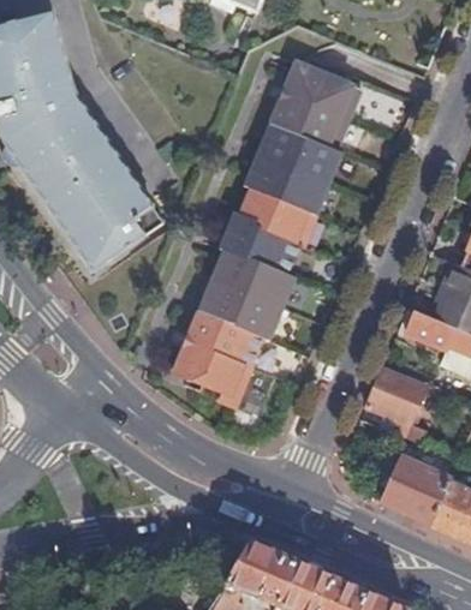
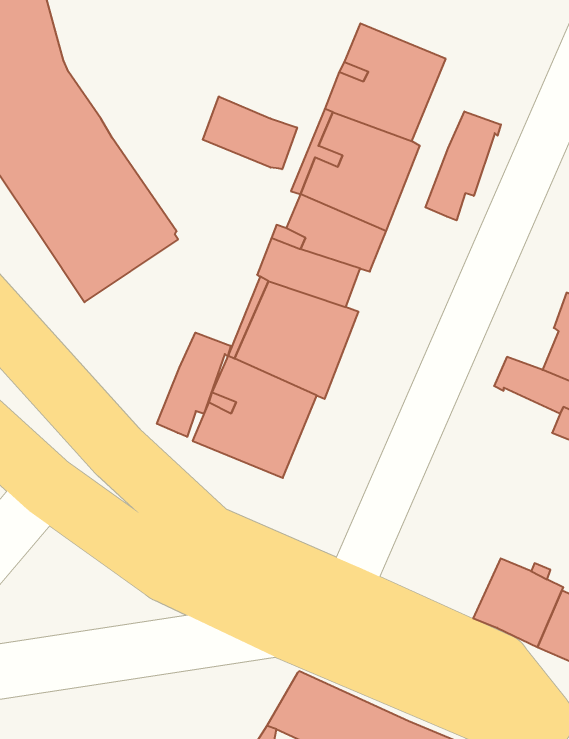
building: none -> [203,96,297,169]
building: none -> [425,111,501,220]
building: none -> [157,333,231,437]
building: [365,369,424,426] -> none

